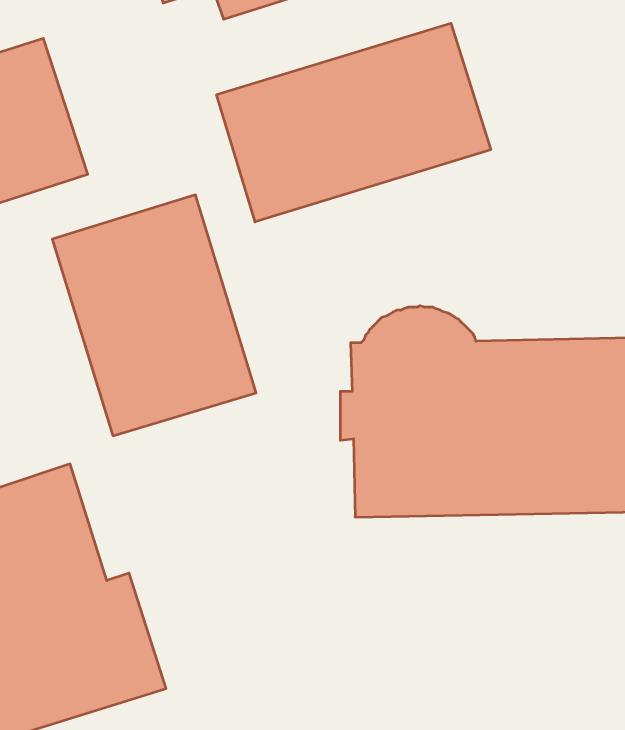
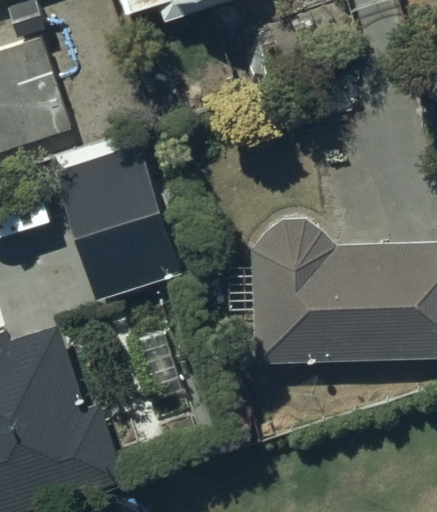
building: [217,23,491,222] -> none

